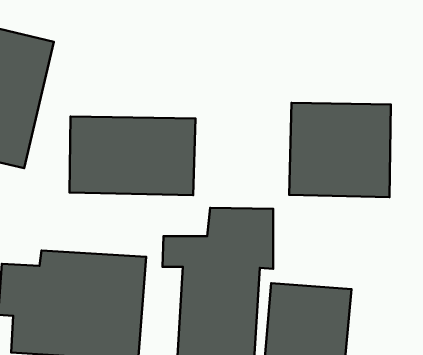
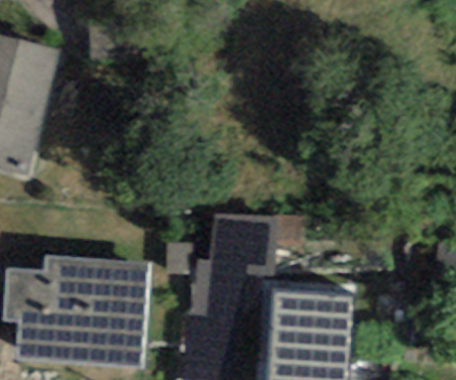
building: [289,103,391,197] -> none
building: [69,117,196,195] -> none

